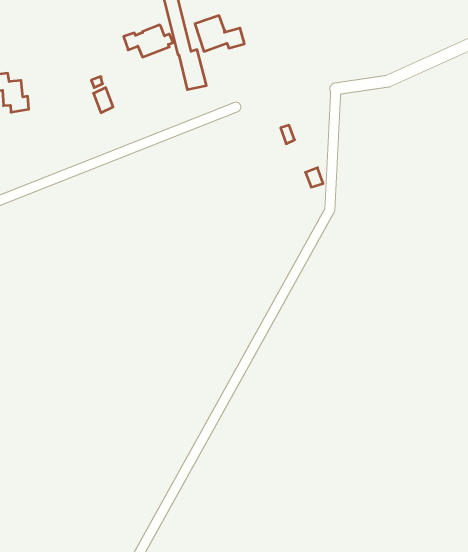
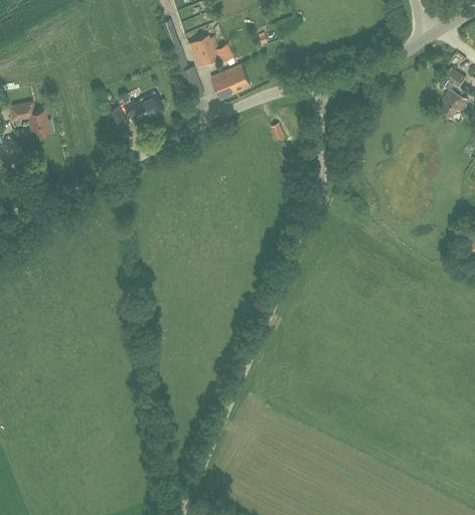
building: [124,25,173,57] -> [125,92,168,121]
building: none -> [211,64,251,99]

